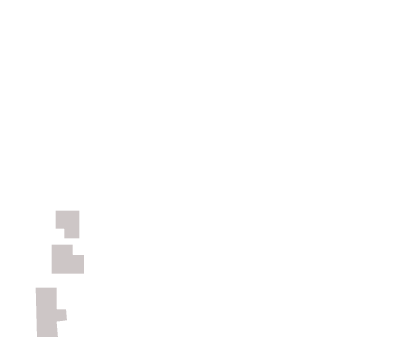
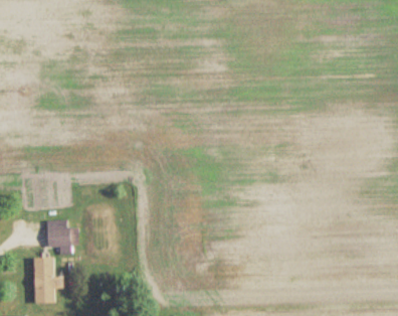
building: [55,210,80,239] -> none

